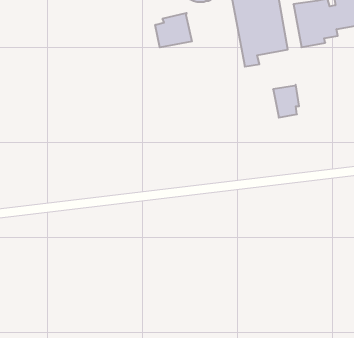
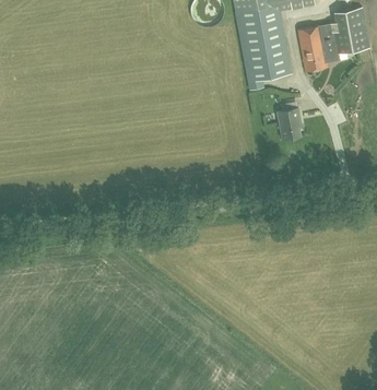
building: [155,13,192,47] -> none

